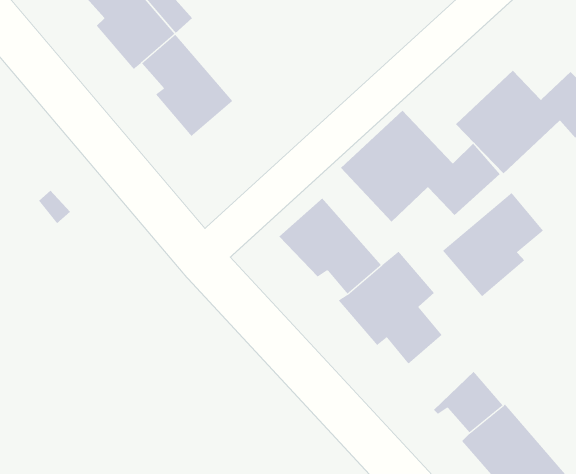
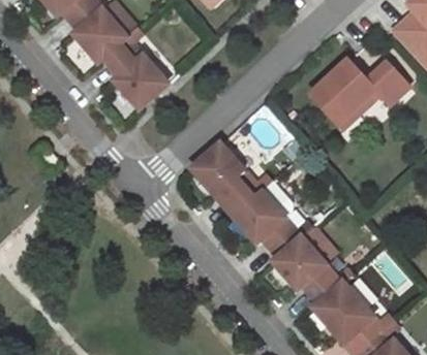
building: [340,110,501,222] -> none
building: [442,192,544,297] -> none
building: none -> [274,236,323,286]

